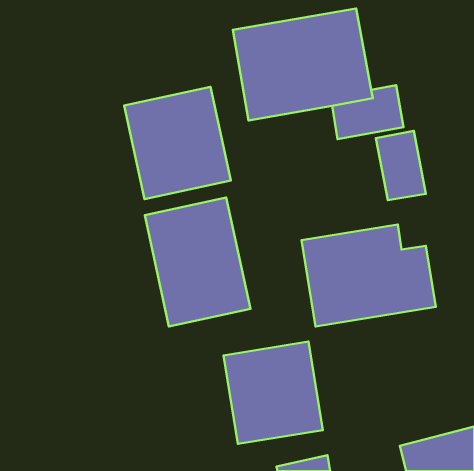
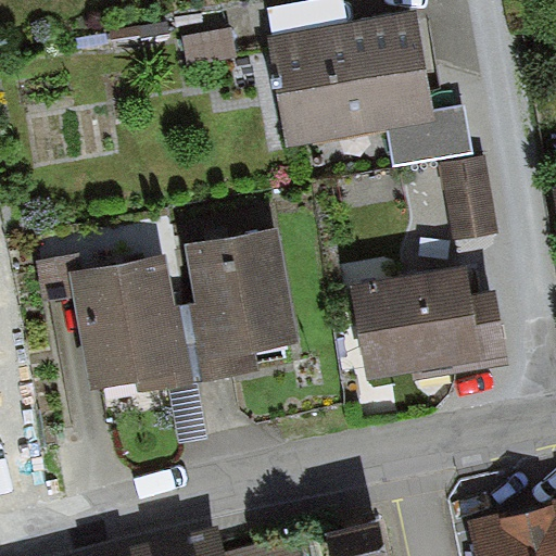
building: [124,87,231,199] -> none
building: none -> [55,260,178,409]
building: [224,342,323,444] -> none

